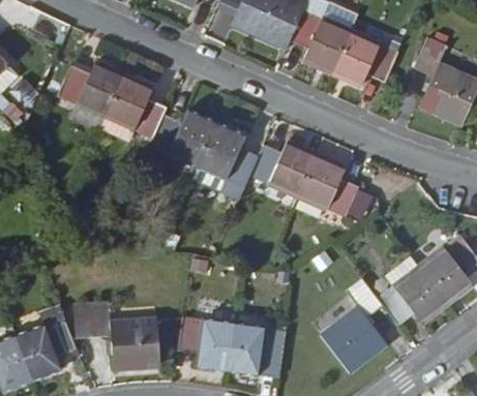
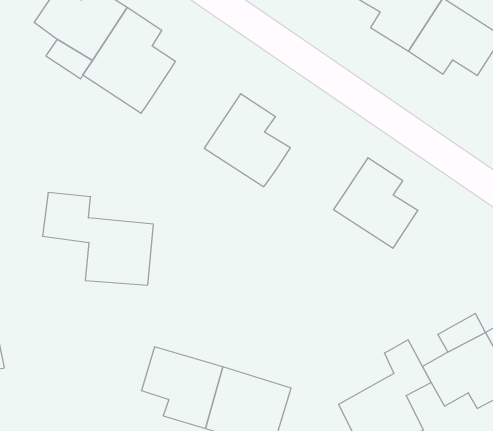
building: [149,111,216,166] -> none
building: [250,142,316,195] -> none
building: [79,306,161,367] -> [42,193,153,285]

